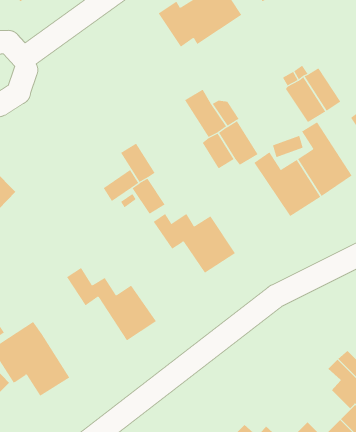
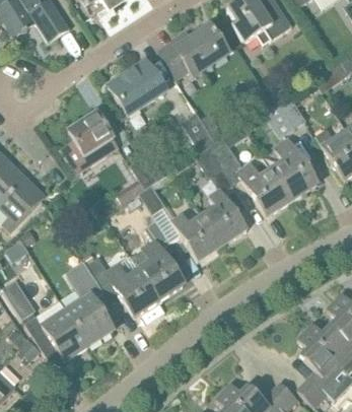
building: none -> [108,61,165,116]
building: none -> [61,112,118,173]
building: none -> [202,189,247,246]
building: none -> [130,220,183,300]
building: none -> [65,262,120,346]

